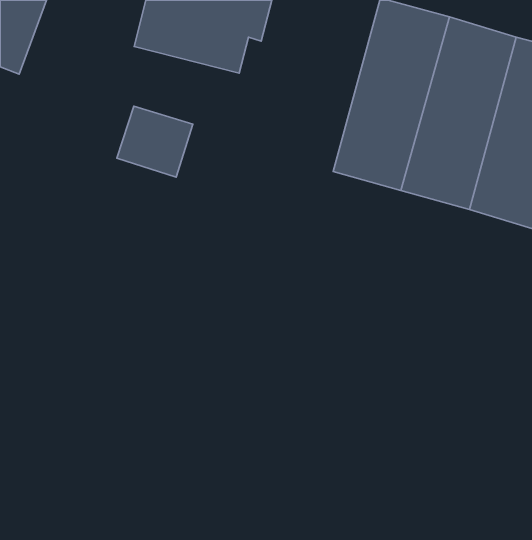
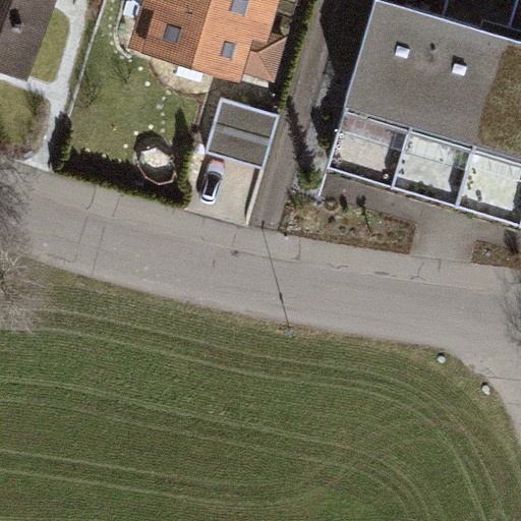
building: [117,106,193,177] -> [207,98,280,166]

